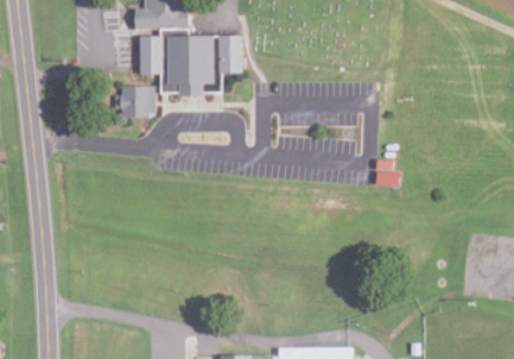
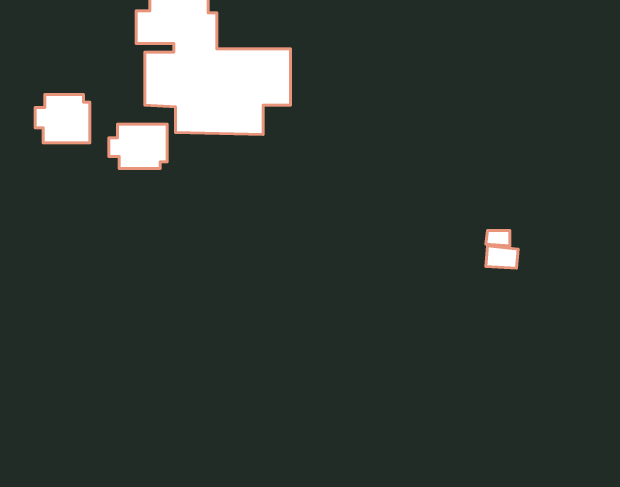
building: none -> [35,95,90,143]

